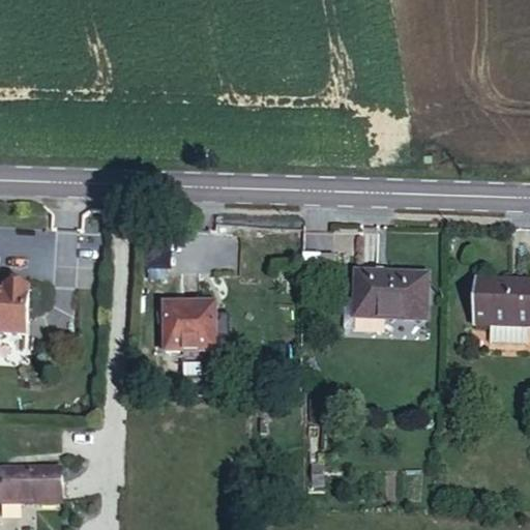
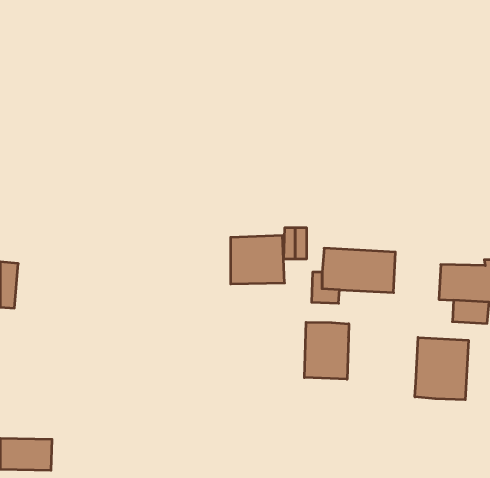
building: [163,305,220,357] -> [231,236,285,284]
building: none -> [304,322,349,379]
building: none -> [415,337,468,400]

